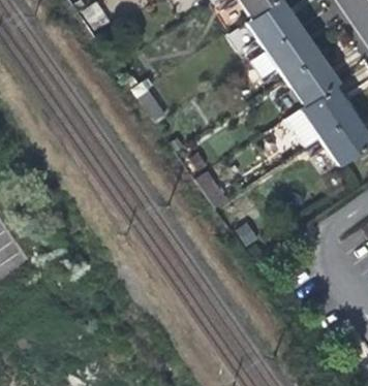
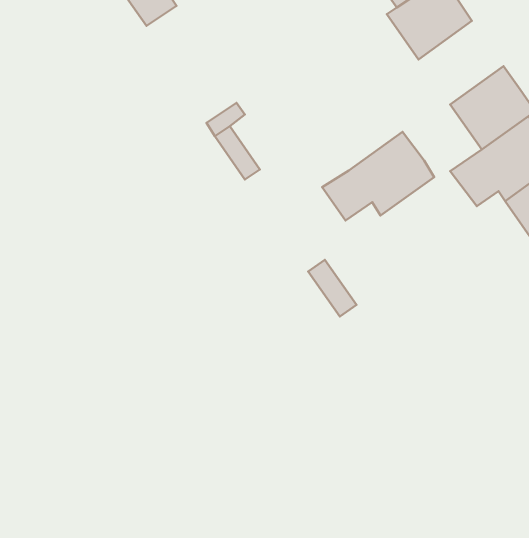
building: [250,26,319,81] -> [322,132,434,220]

